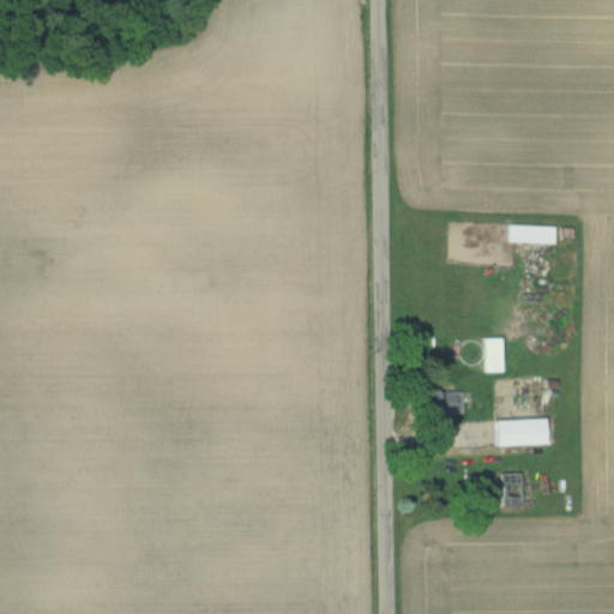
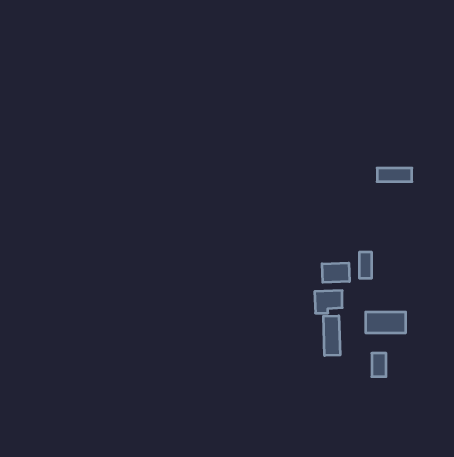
building: none -> [322,263,349,282]
building: none -> [323,316,340,356]

